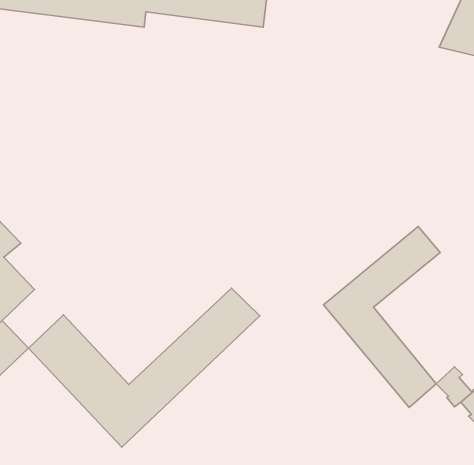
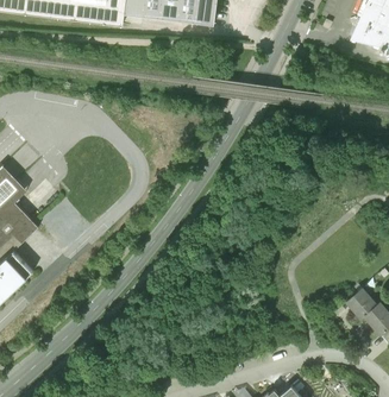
building: [324,226,440,407] -> none
building: [28,288,260,447] -> none

